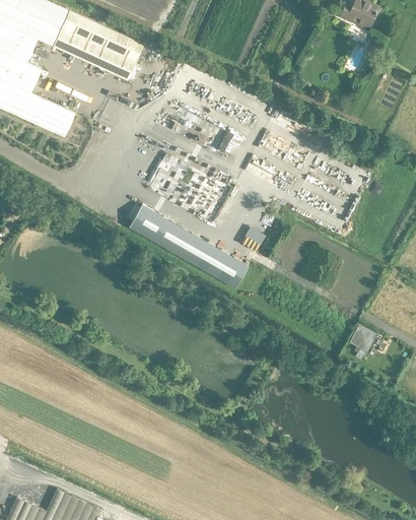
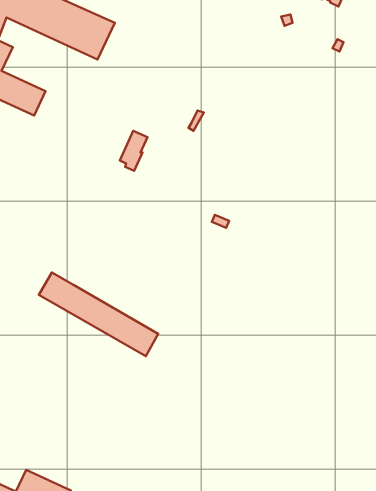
building: [128,205,247,288] -> [39,272,158,356]
building: [349,323,377,350] -> none

